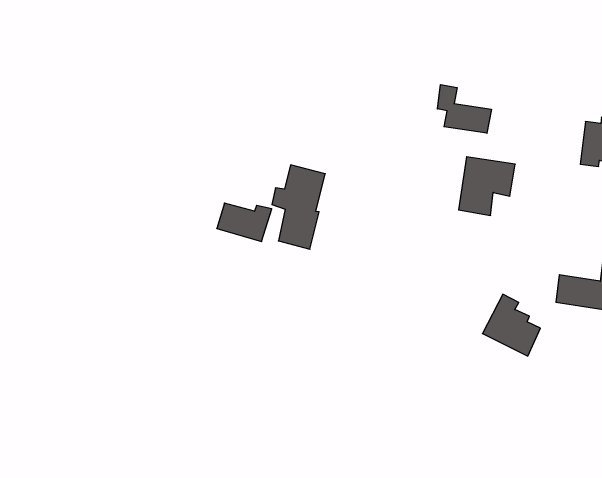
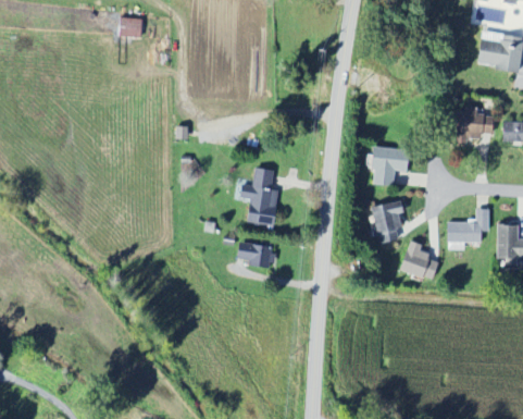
building: [437,85,491,133] -> none
building: [217,203,272,242] -> [237,242,274,267]
building: none -> [372,201,403,244]

